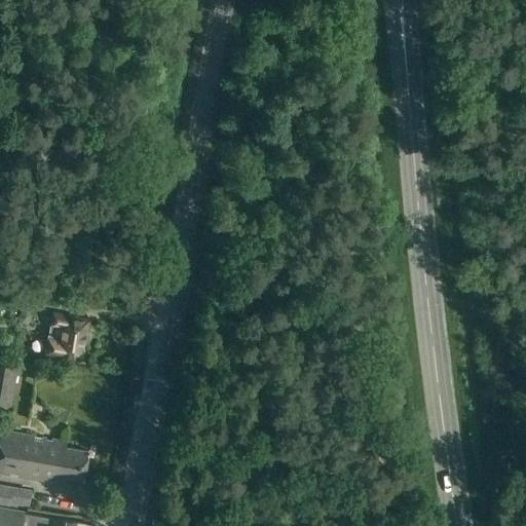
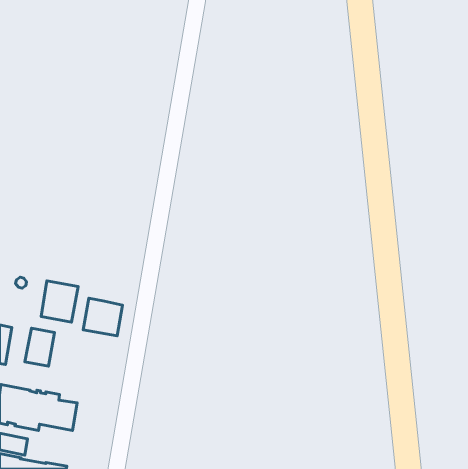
building: none -> [83,298,123,336]
building: none -> [25,328,55,366]

